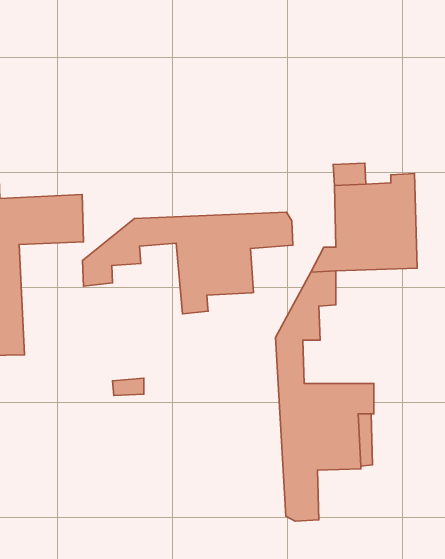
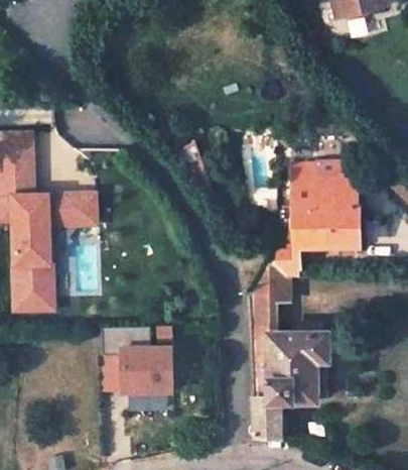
building: [82,212,293,314] -> none
building: none -> [118,348,191,416]

